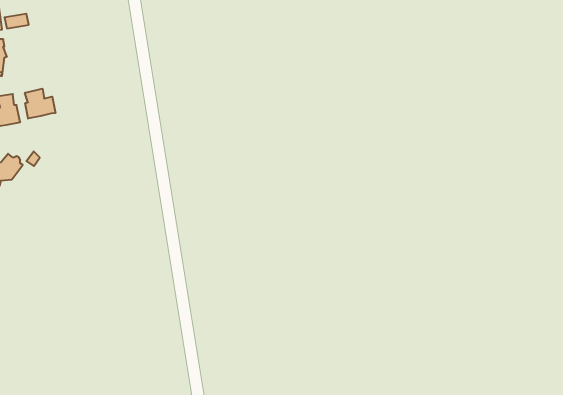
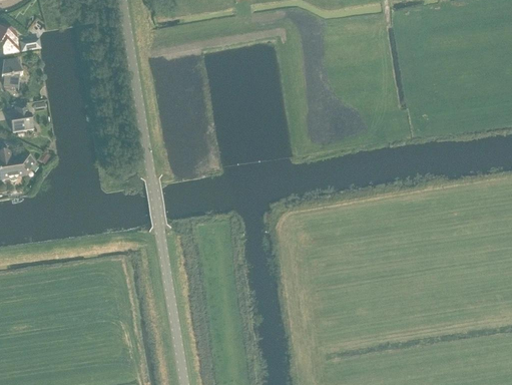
building: [25,89,55,119] -> none

